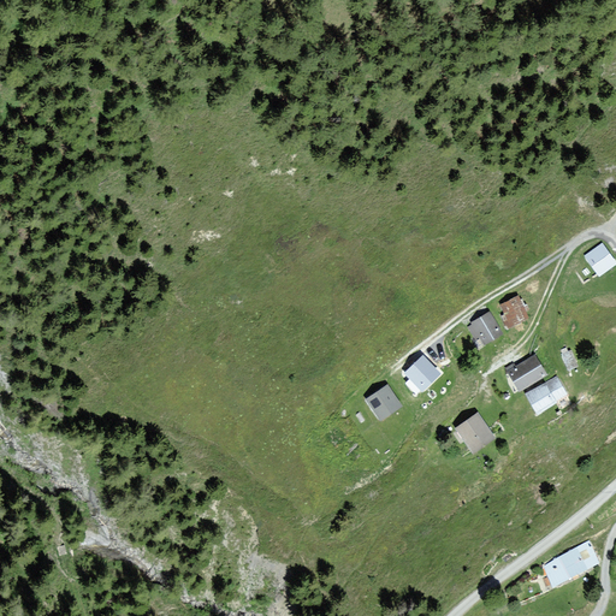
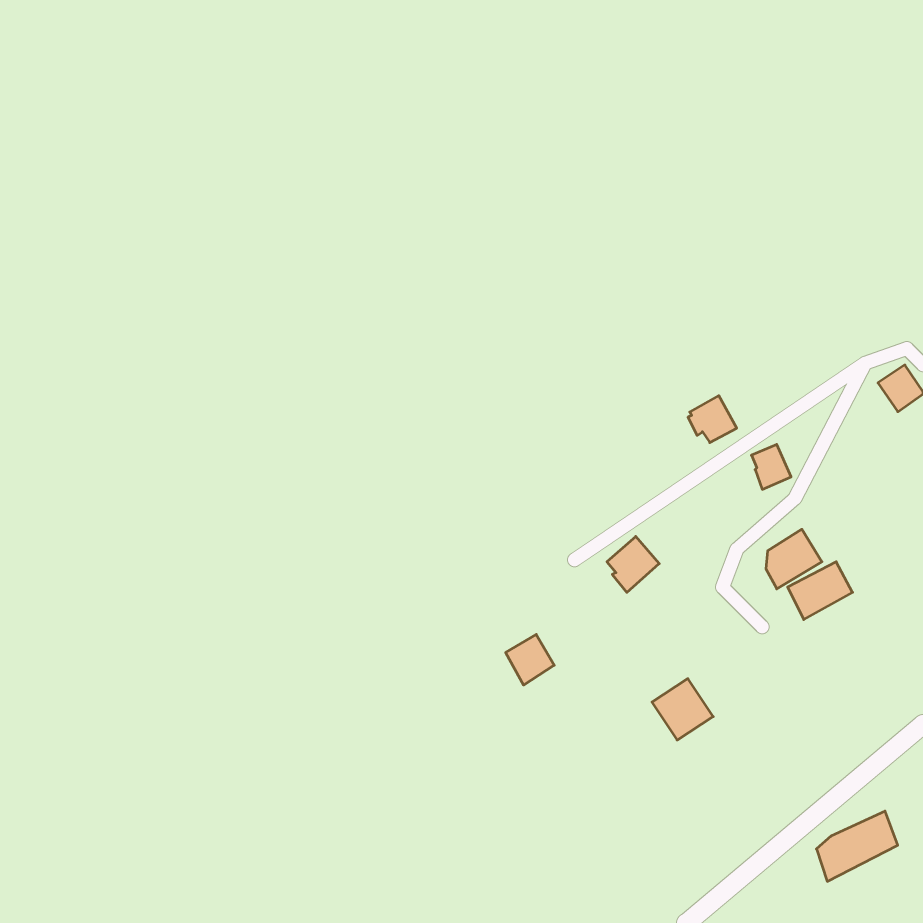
building: [469,312,502,343] -> [688,396,737,443]
building: [367,386,399,420] -> [506,634,554,685]
building: [454,413,494,454] -> [652,679,713,740]

